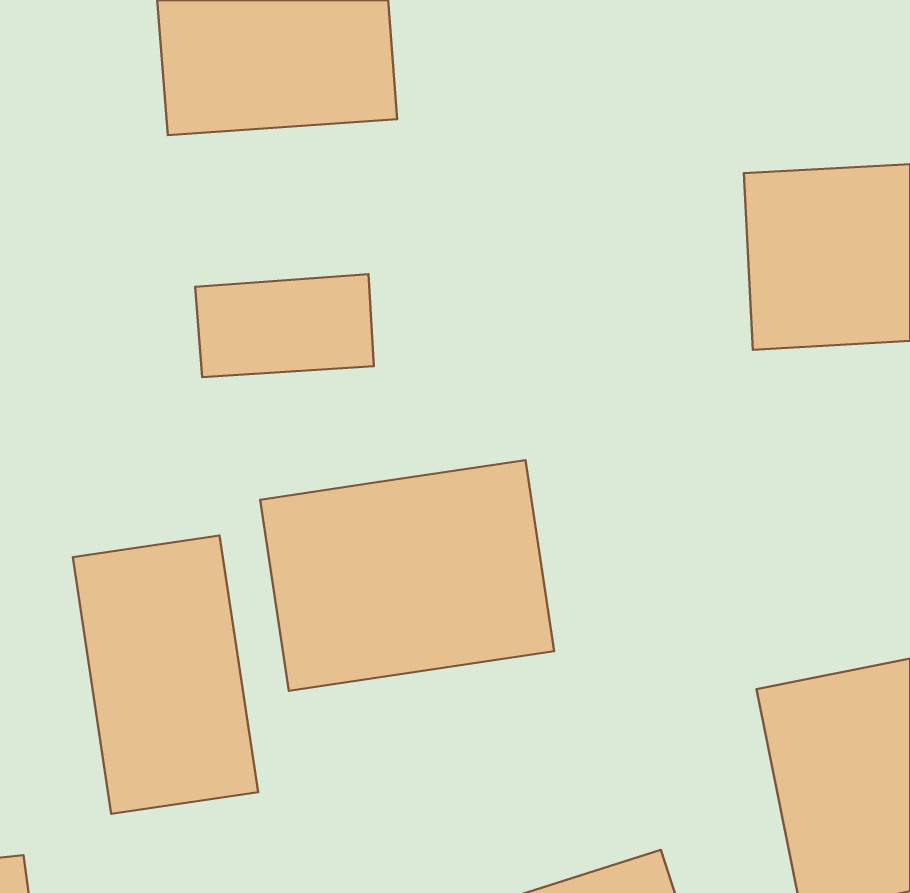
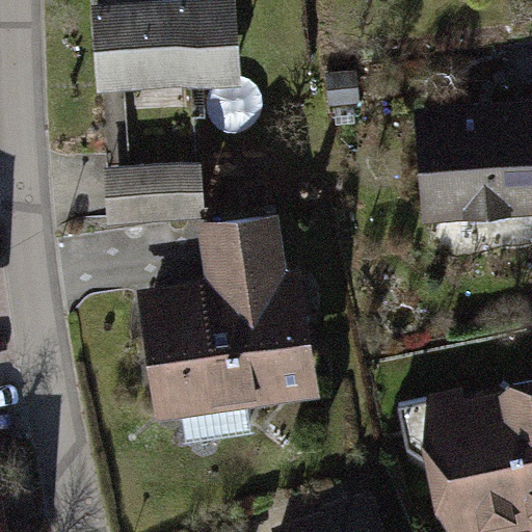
building: none -> [210,223,302,294]
building: [73,535,258,814] -> none

